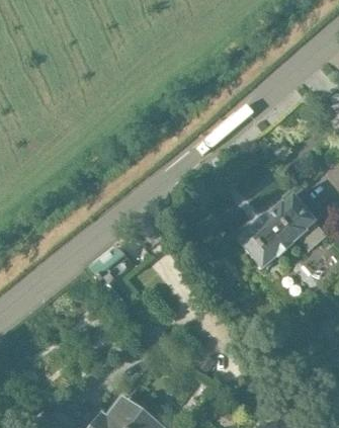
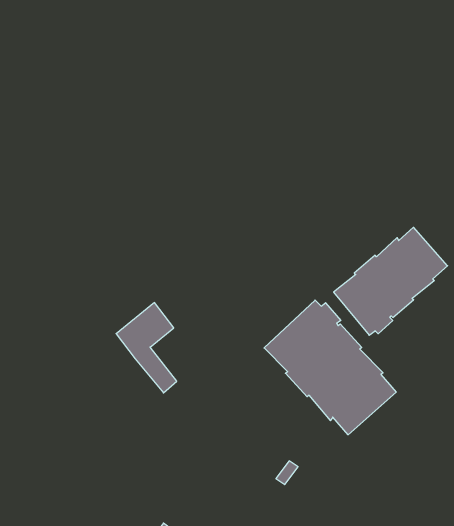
building: none -> [264,300,396,435]

